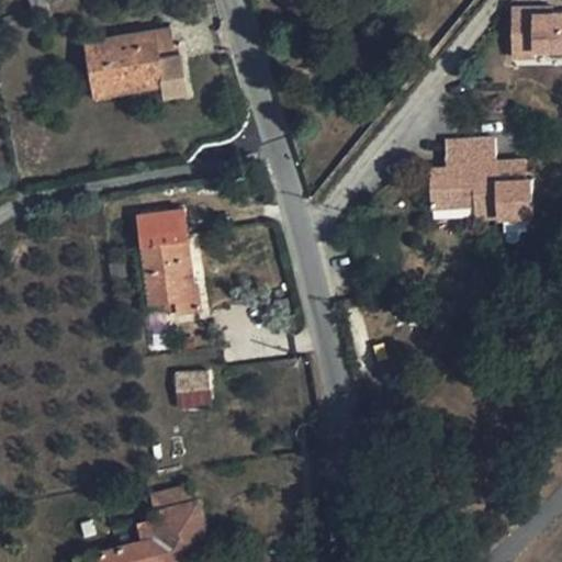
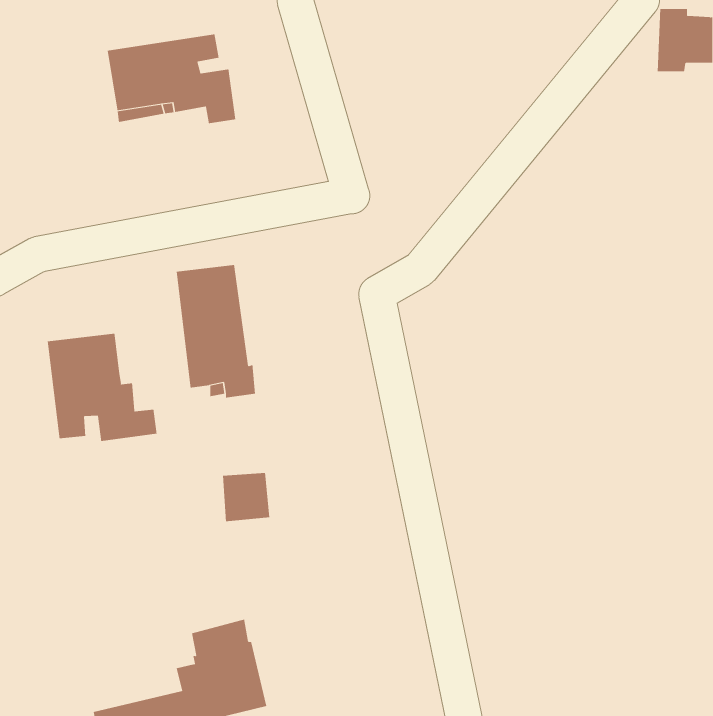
building: [428,139,532,218] -> none
building: none -> [47,333,157,442]

